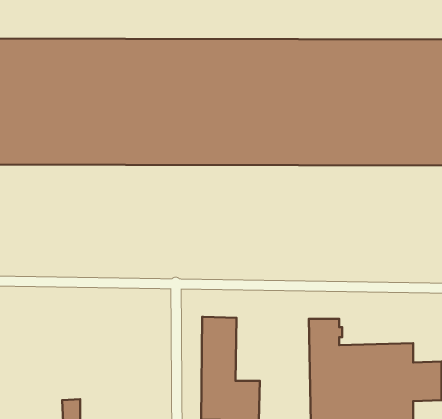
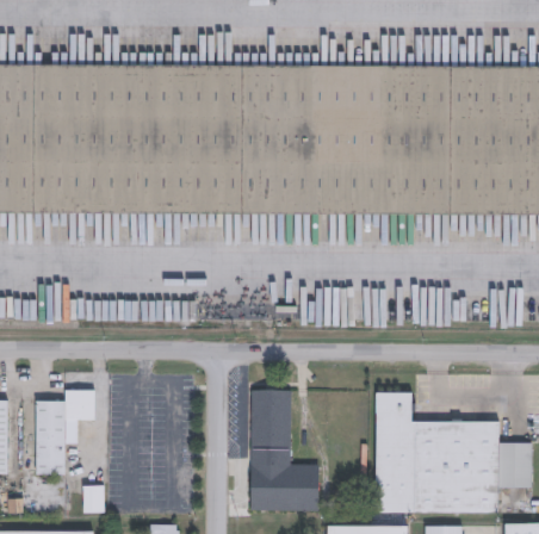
building: none -> [37,390,97,476]

